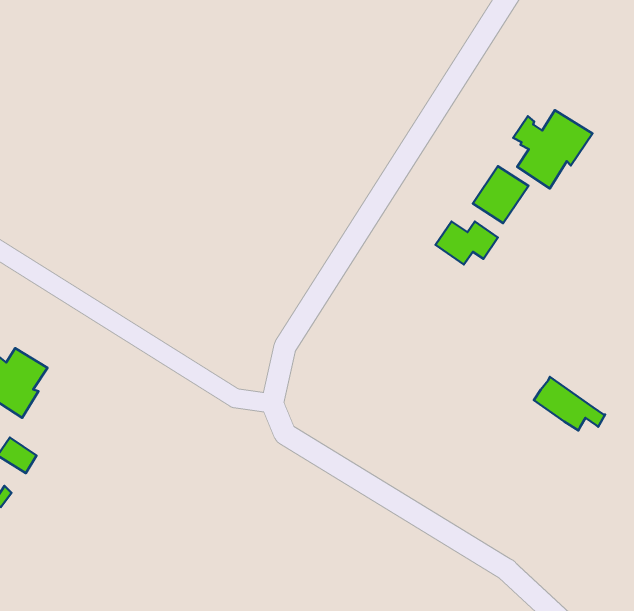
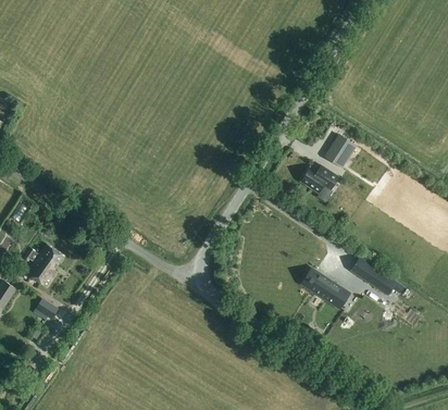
building: [513,110,593,188] -> none
building: none -> [306,270,348,308]

